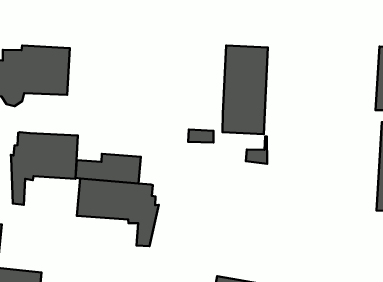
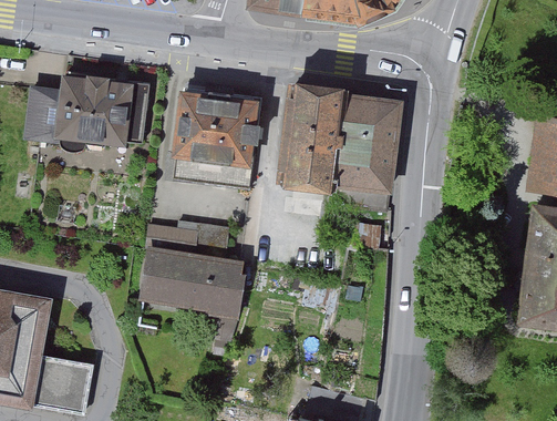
building: none -> [279,90,347,183]
building: none -> [172,94,259,189]
building: [11,132,78,205] -> none

